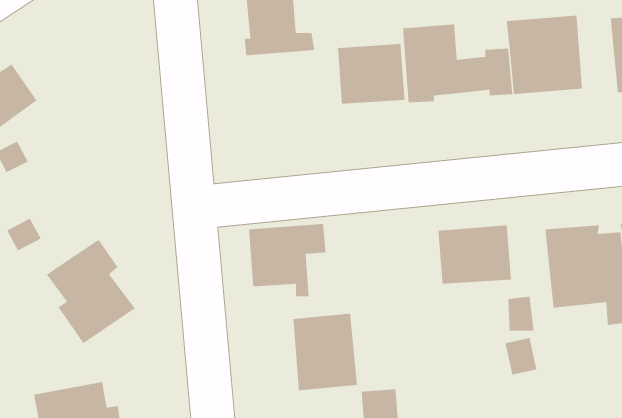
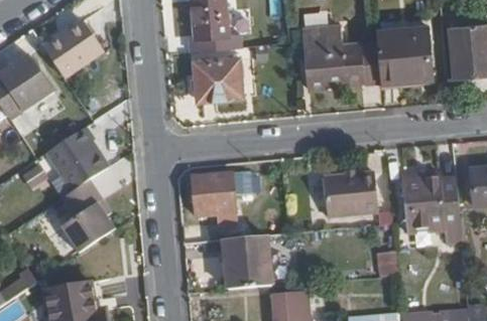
building: none -> [42,18,104,77]
building: [337,43,405,105] -> [195,58,243,102]
building: none -> [44,130,106,194]

